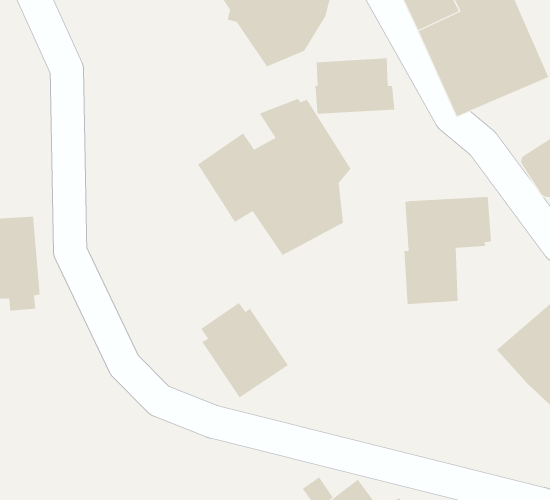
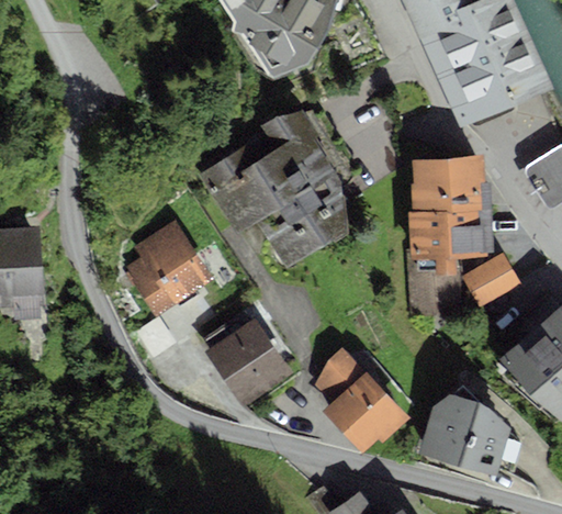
building: [315,58,395,114] -> [411,155,491,211]
building: none -> [125,220,212,314]
building: none -> [462,253,520,308]
building: none -> [315,346,412,455]
building: none -> [419,393,510,474]

